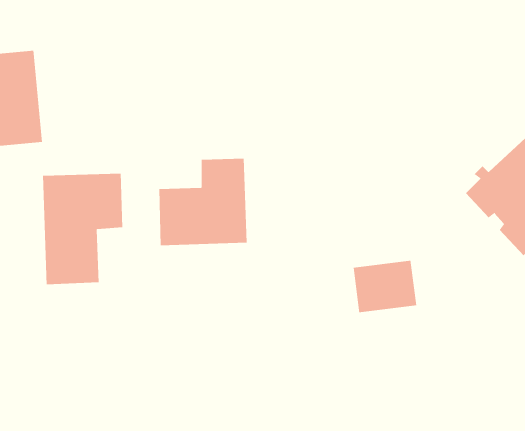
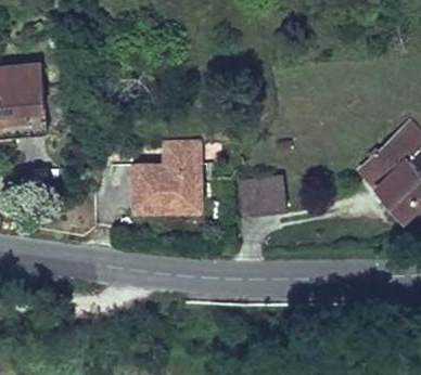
building: [43,173,123,285] -> none
building: [353,260,417,313] -> [238,178,285,217]

